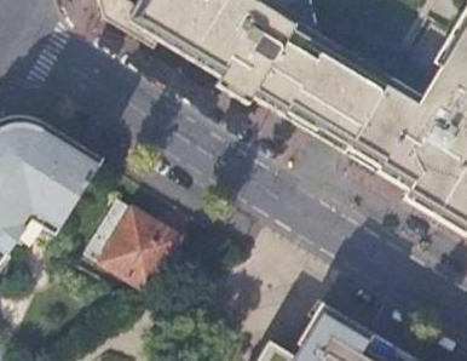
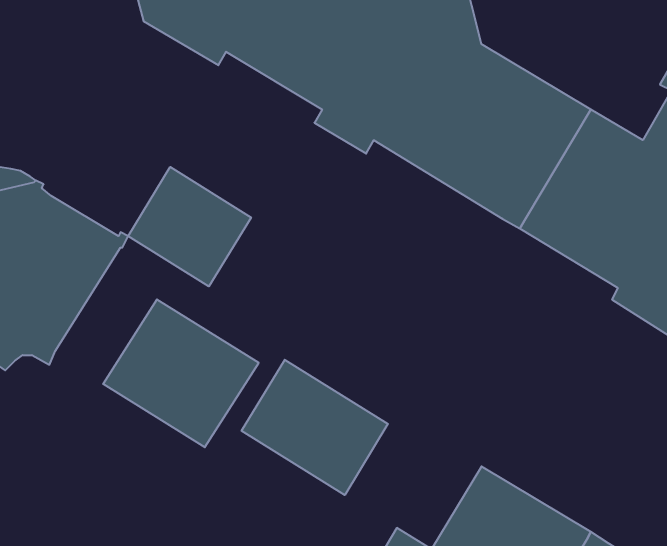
building: none -> [128,167,251,286]
building: none -> [242,360,388,495]

